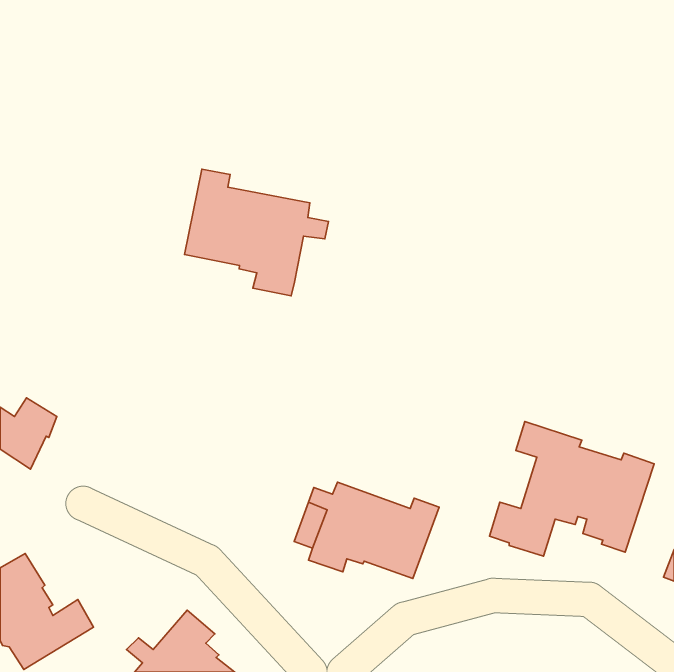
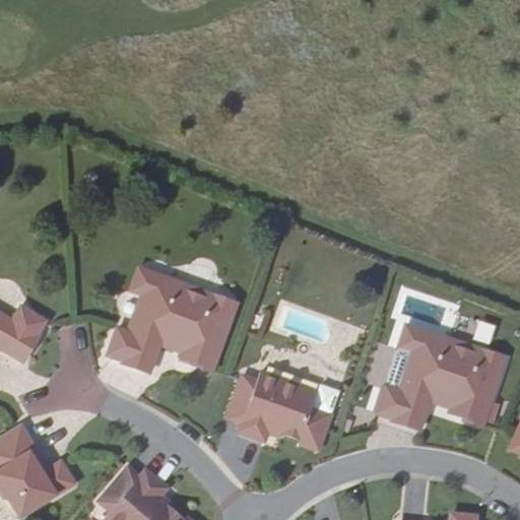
building: [185,169,329,296] -> none
building: none -> [107,268,236,373]

